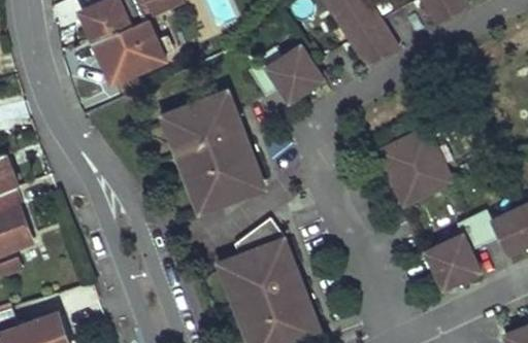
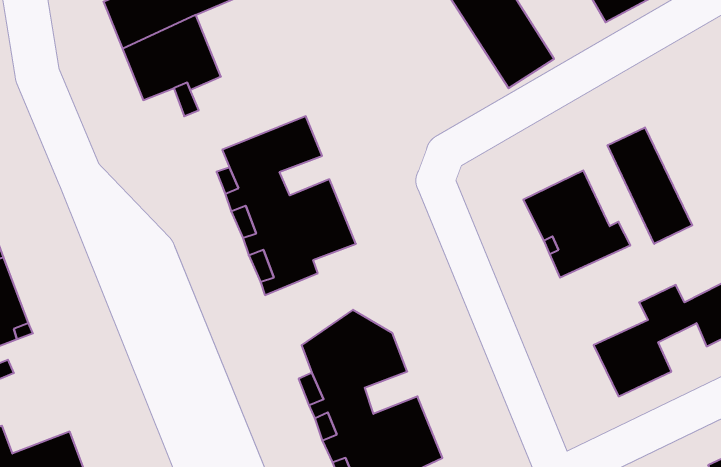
building: [246,47,319,103] -> none
building: none -> [608,127,692,244]

